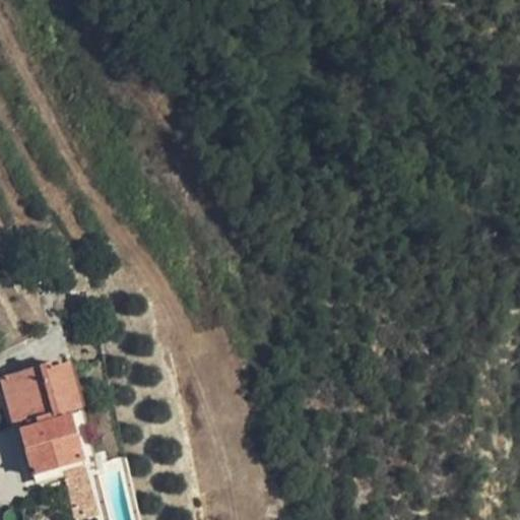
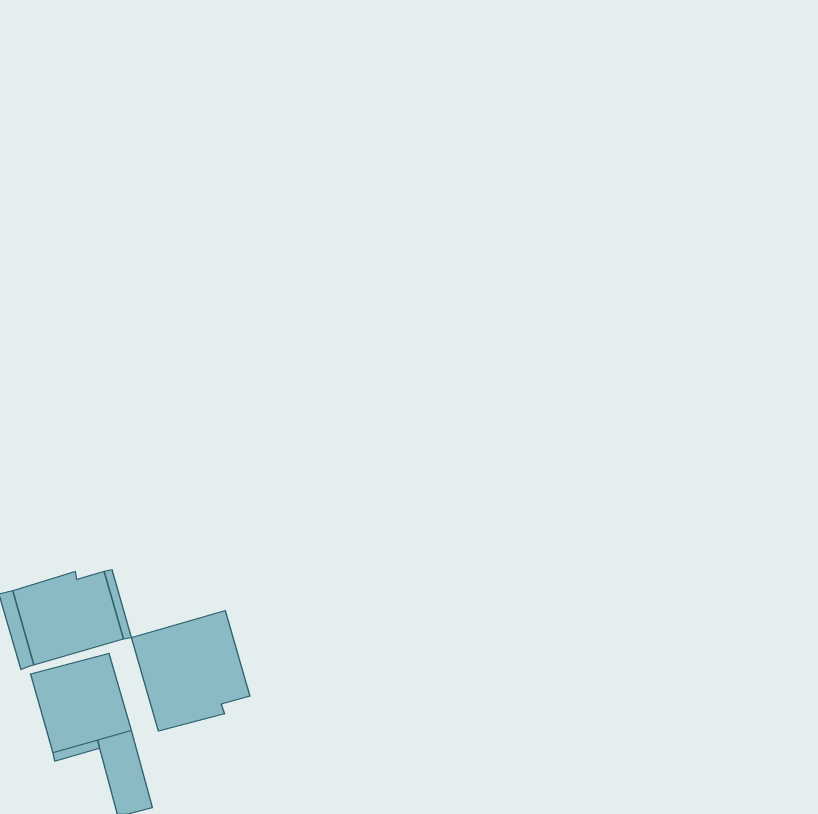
building: none -> [132,611,250,731]

